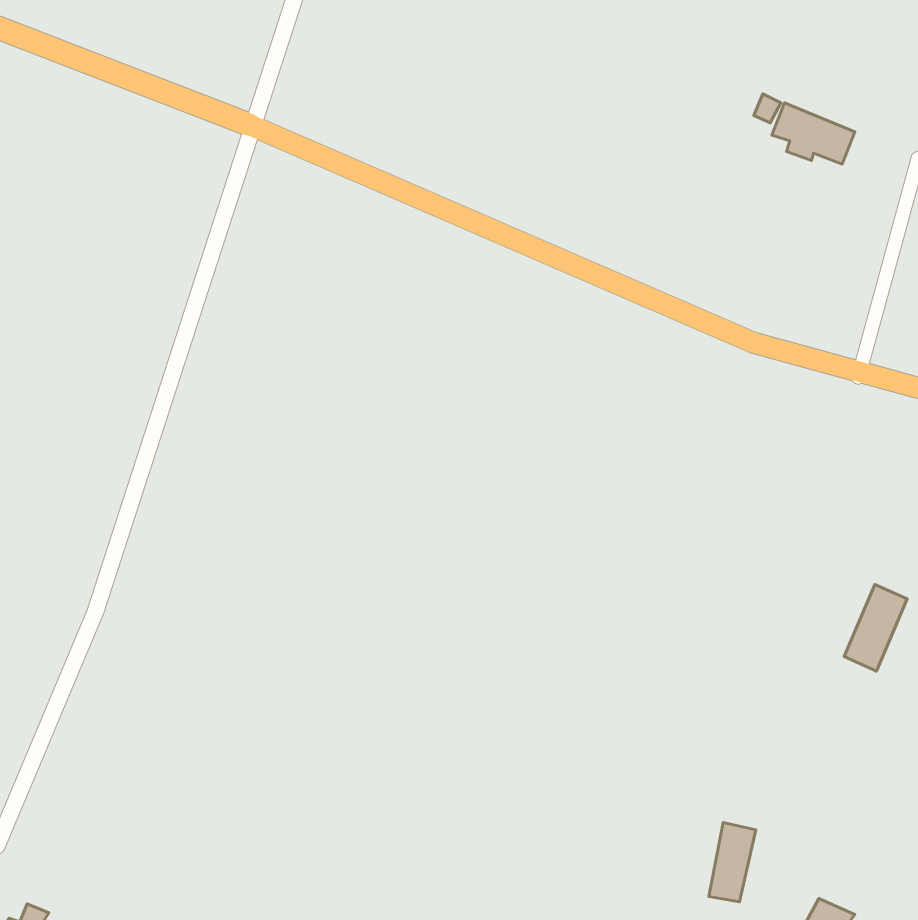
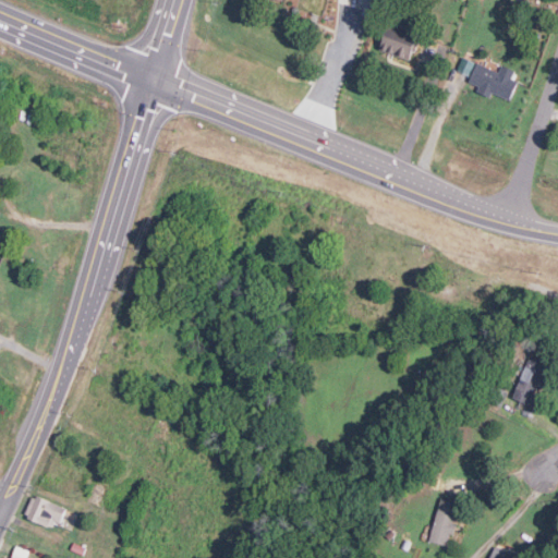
building: none -> [377,22,418,61]
building: none -> [23,497,62,529]

